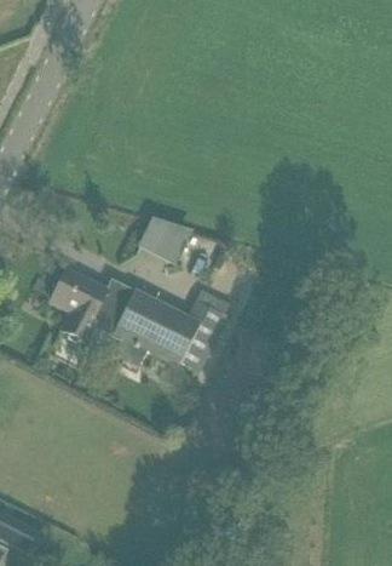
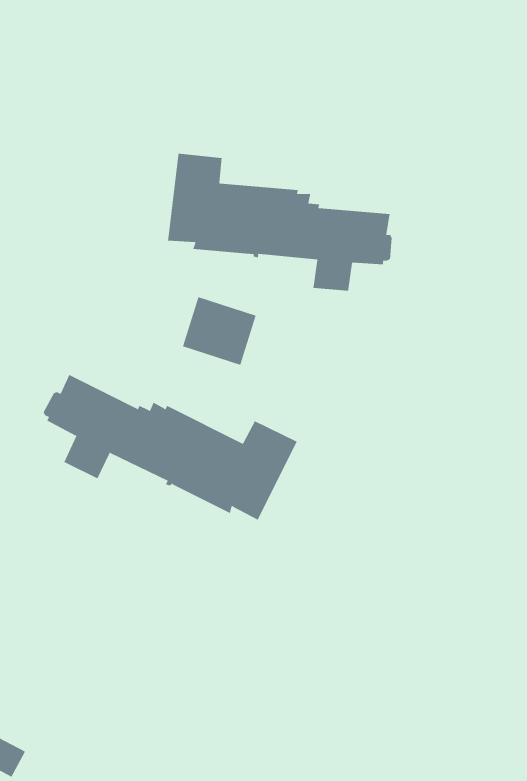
building: none -> [168,153,392,292]

